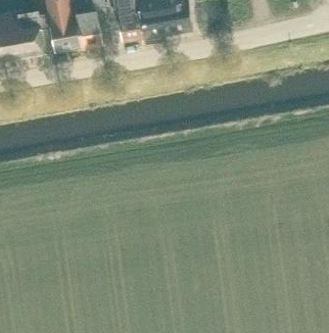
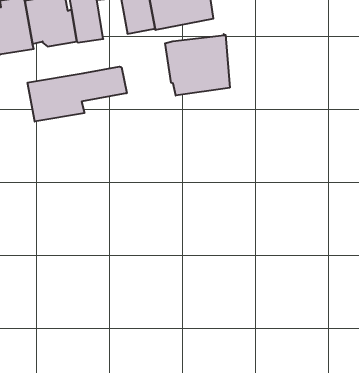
building: none -> [165,34,230,96]
building: none -> [28,67,127,122]

